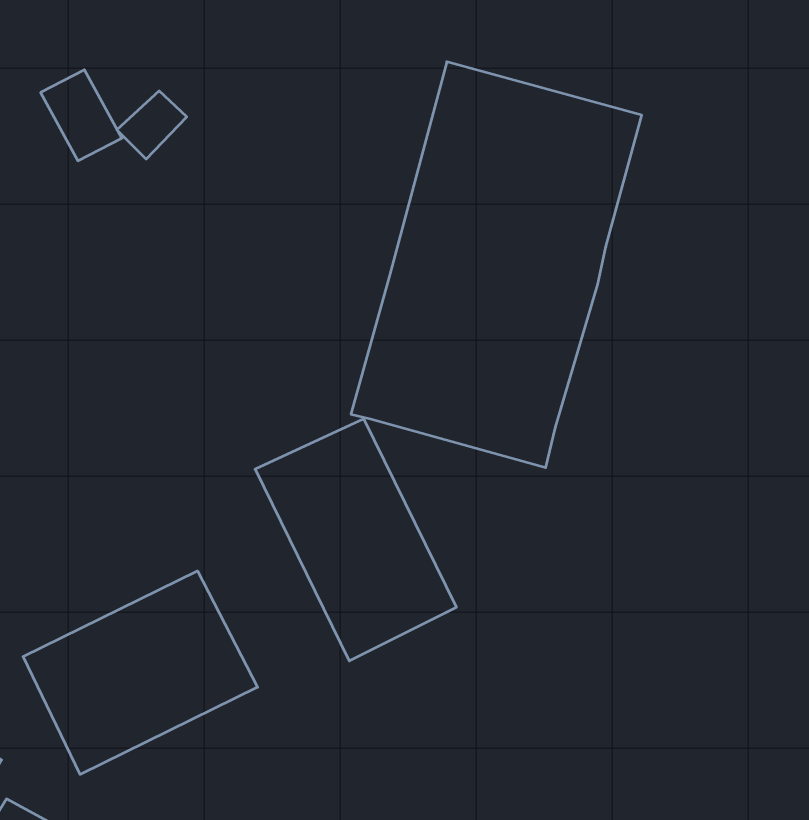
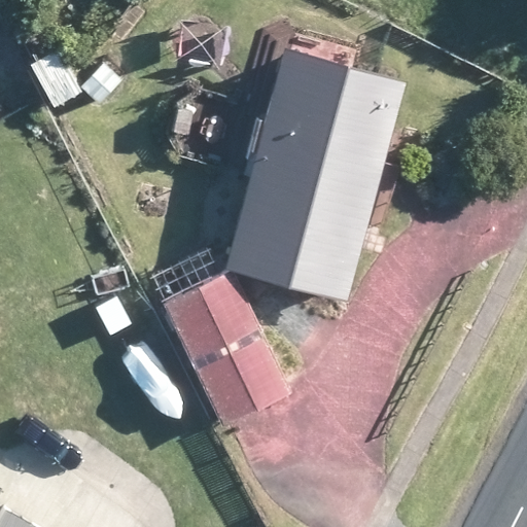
building: [23,571,258,774] -> none

